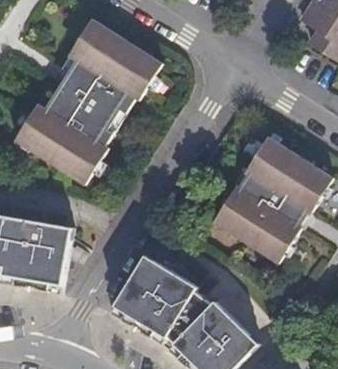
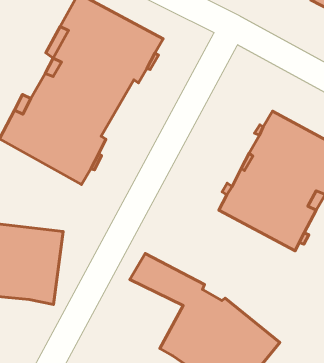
building: [108,276,176,338] -> none

